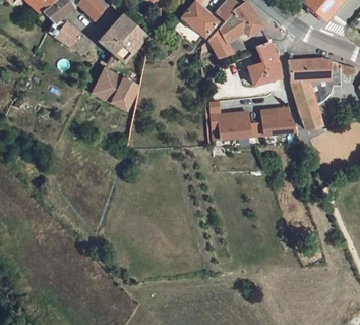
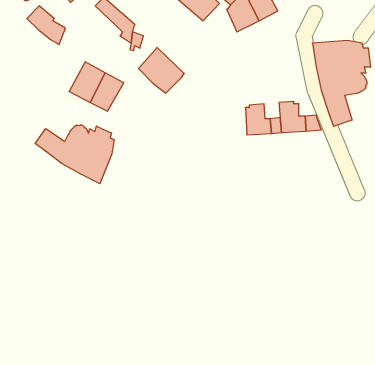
building: [97,25,134,63] -> [138,47,184,93]
building: [207,29,231,58] -> none
building: [247,45,278,86] -> none
building: [214,107,236,133] -> none
building: none -> [35,125,114,184]

